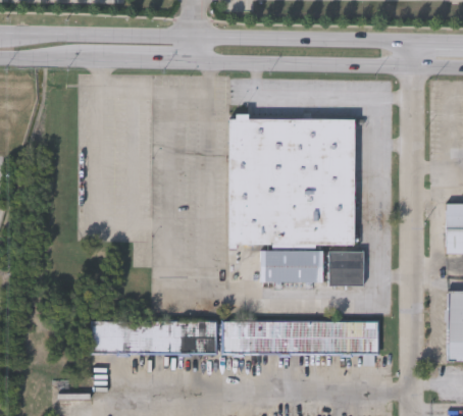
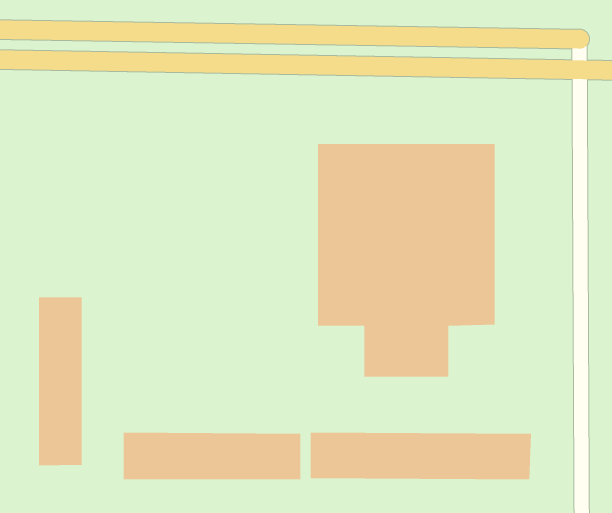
building: none -> [39,296,82,466]
building: [328,250,364,285] -> none

